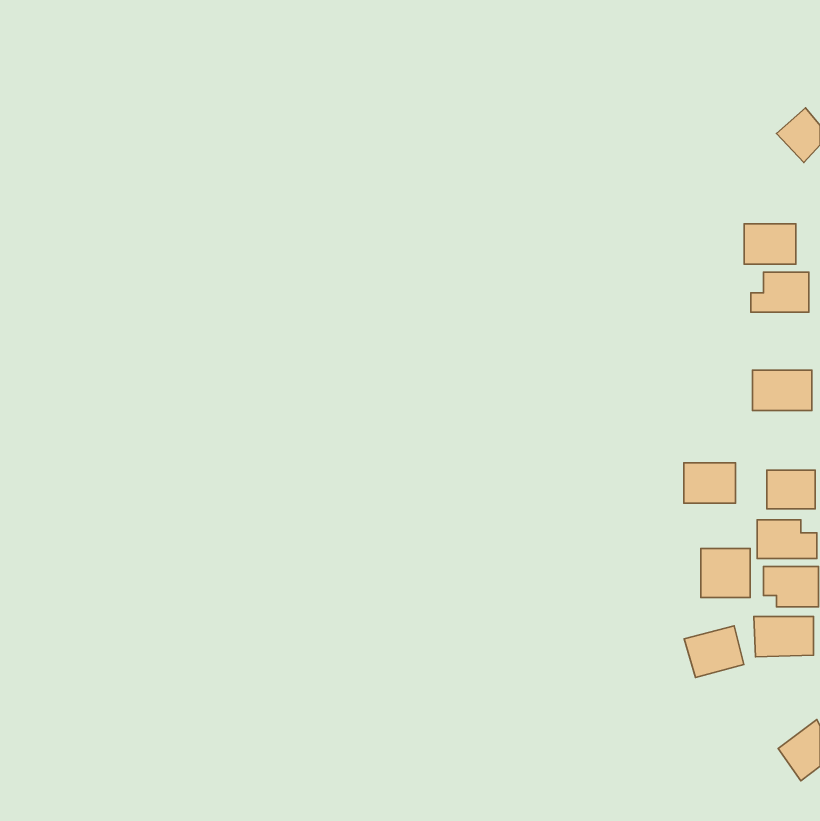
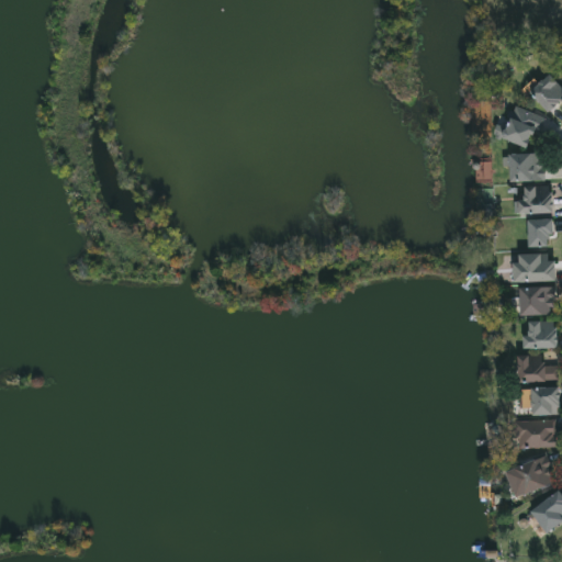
building: none -> [499,106,540,148]
building: none -> [527,220,552,248]
building: [684,463,736,503] -> [518,288,553,315]
building: [701,548,750,598] -> none
building: [684,626,744,677] -> [514,458,554,493]

